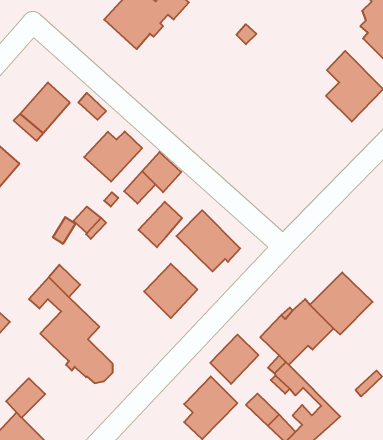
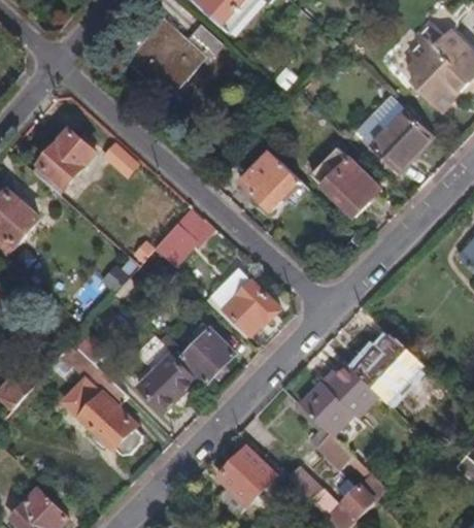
building: none -> [310,146,379,217]
building: none -> [241,150,301,209]
building: [84,131,142,182] -> none
building: [138,202,182,247] -> none
building: none -> [138,346,197,410]
building: [210,335,258,384] -> none
building: [6,378,45,418] -> none

